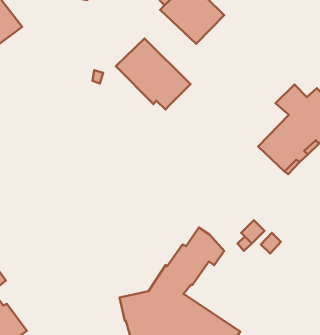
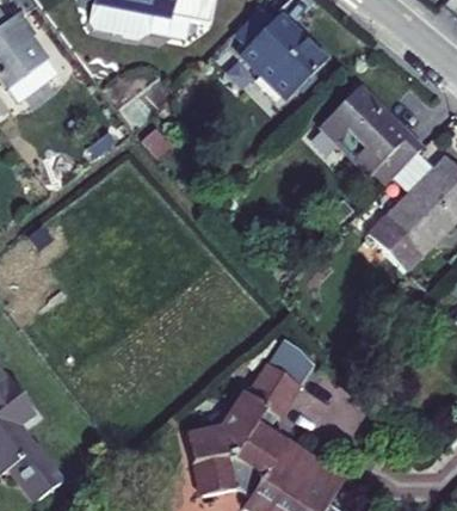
building: [116,38,191,109] -> [321,87,420,181]

